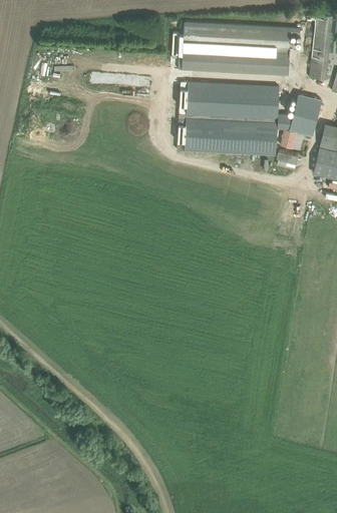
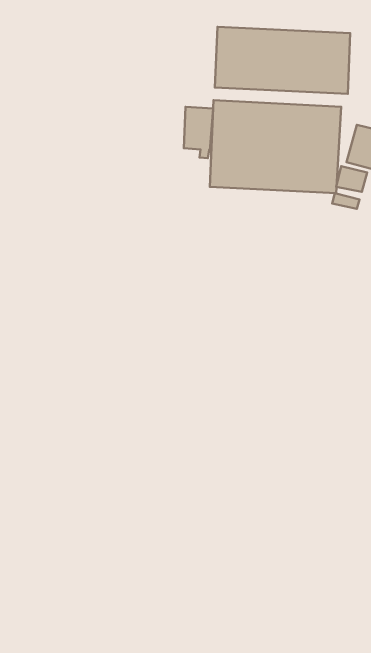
building: none -> [184,107,213,158]

